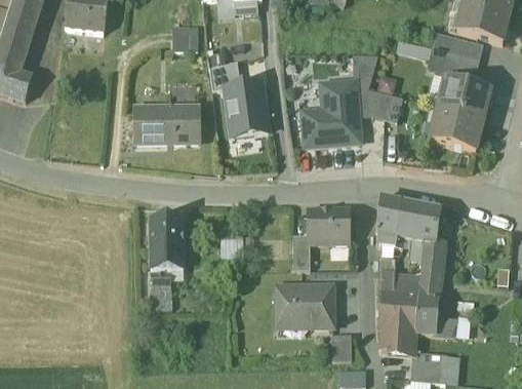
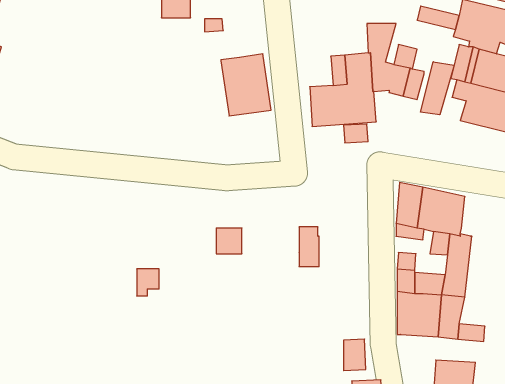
building: [210,61,241,90] -> none
building: none -> [421,62,454,115]
building: [135,107,199,142] -> none
building: [310,209,349,242] -> none
building: [151,211,184,267] -> none
building: [277,284,333,325] -> none
building: [382,328,415,351] -> none

